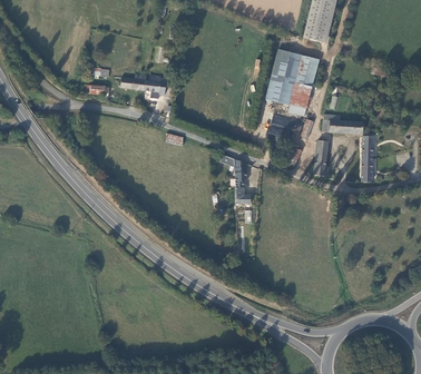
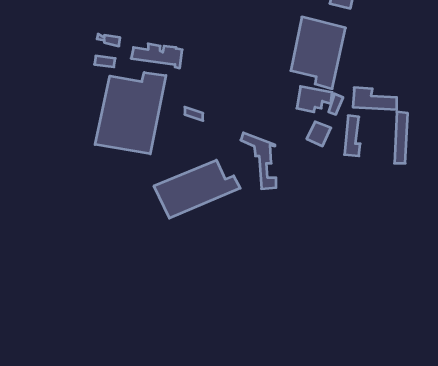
building: none -> [95,72,166,154]
building: none -> [154,160,240,218]

